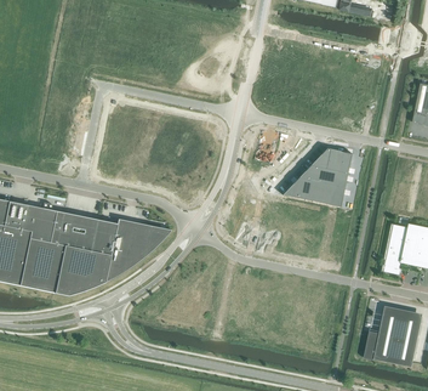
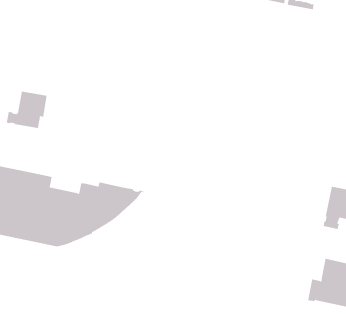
building: none -> [6,91,47,129]
building: [283,148,353,206] -> none

